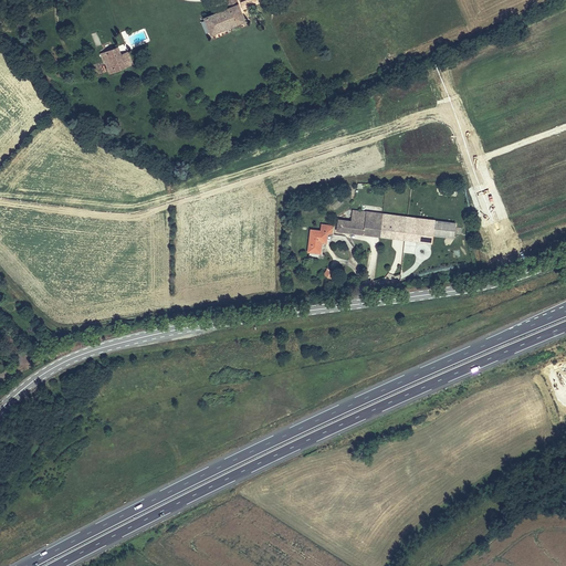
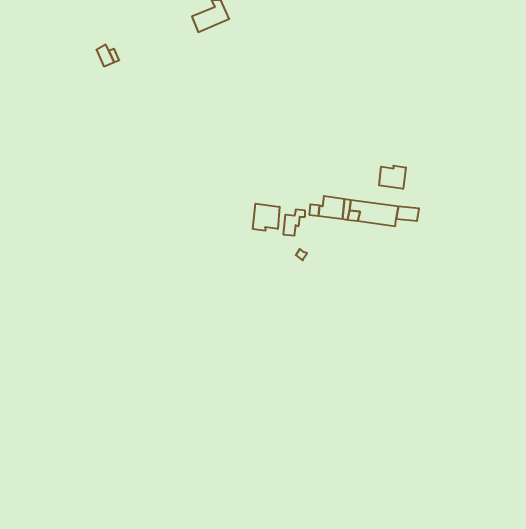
building: none -> [379,166,406,189]
building: none -> [253,204,280,231]

